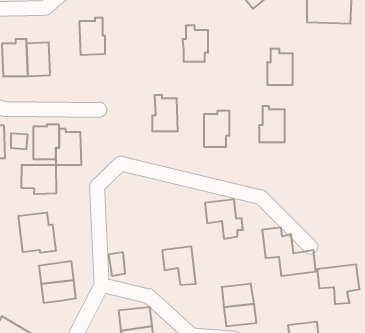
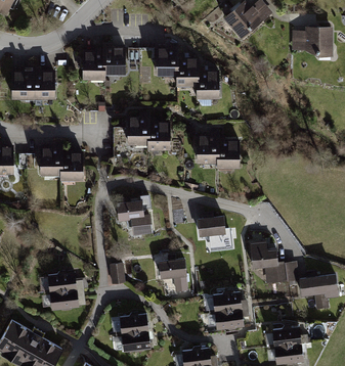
building: none -> [103,43,126,75]
building: none -> [157,44,179,77]
building: [267,49,293,85] -> [197,66,220,99]
building: none -> [128,113,152,145]
building: [259,106,285,142] -> [216,137,240,170]
building: [21,165,56,194] -> none
building: none -> [116,197,152,233]
building: [19,212,56,253] -> none

